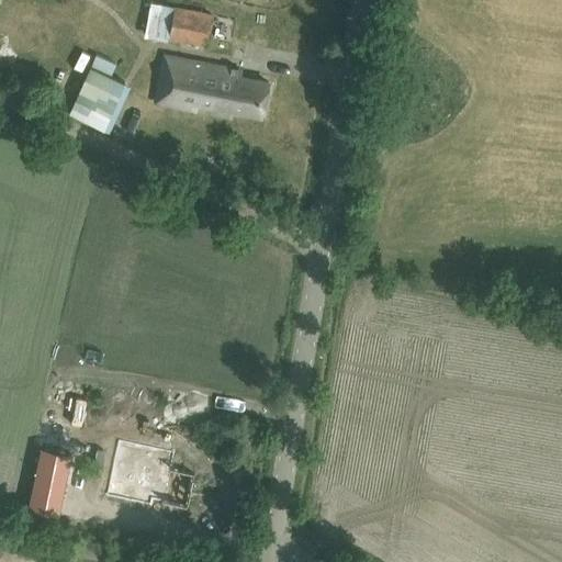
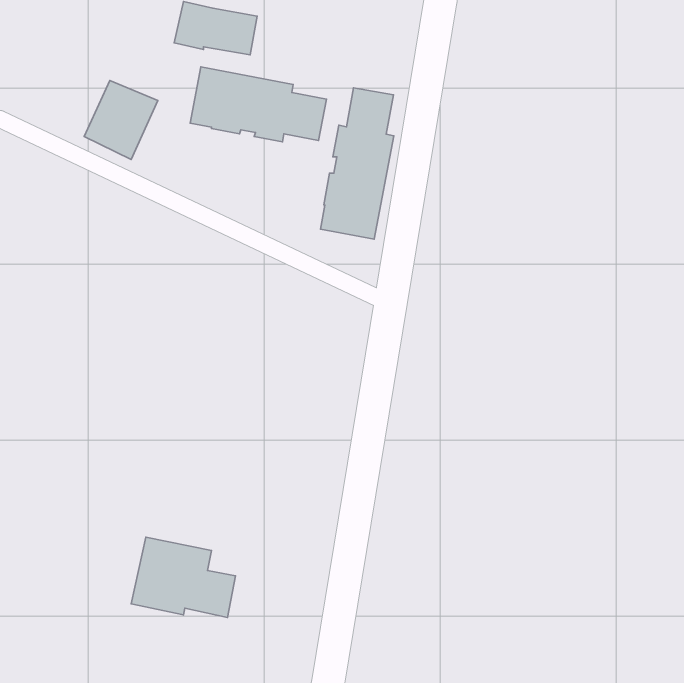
building: none -> [320,88,394,239]
building: [27,448,71,515] -> none

